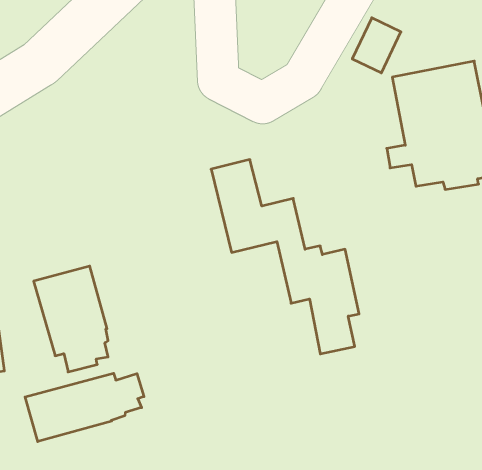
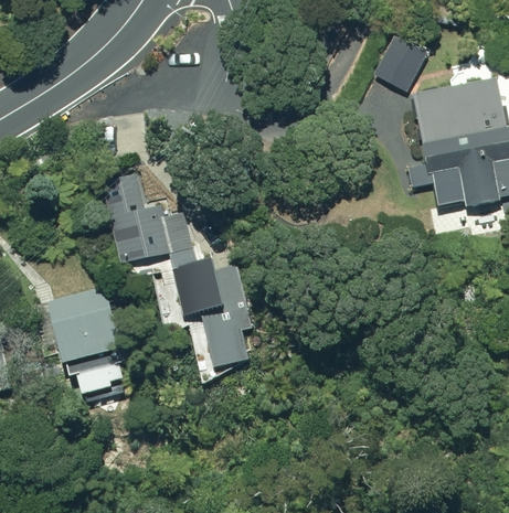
building: [211,160,359,354] -> [100,170,252,368]
building: [25,373,144,442] -> none

